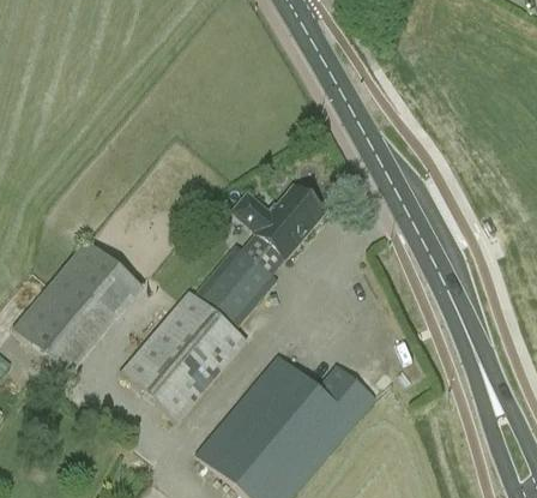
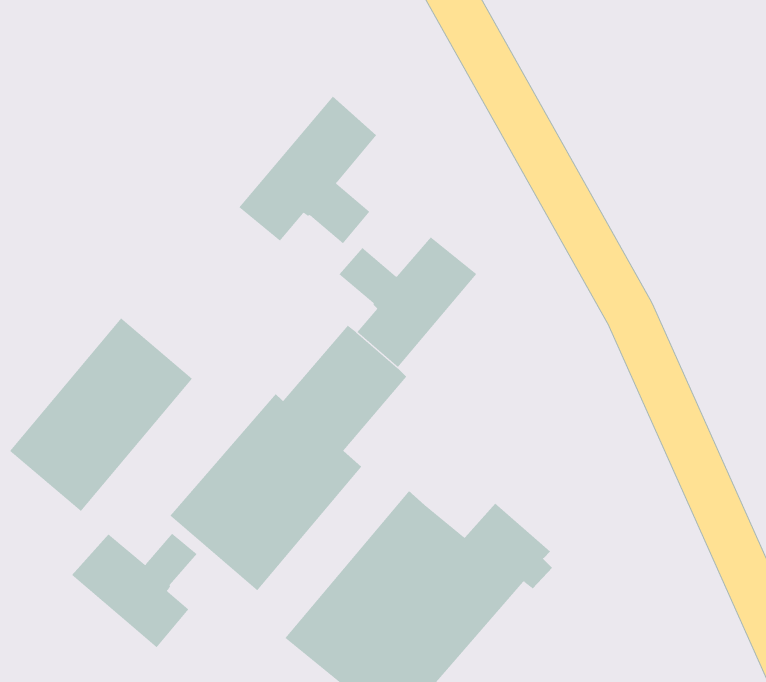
building: none -> [238,96,377,244]
building: none -> [71,533,197,648]

